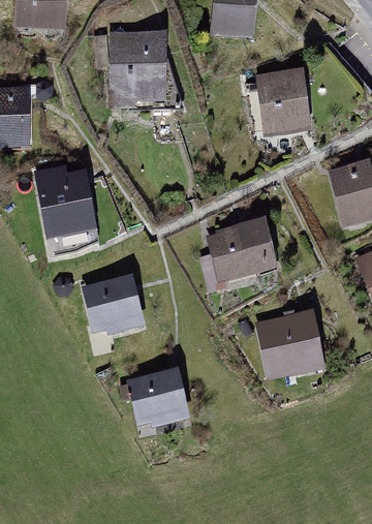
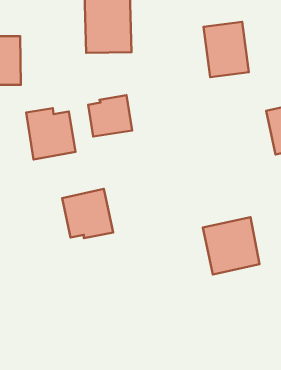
building: none -> [88,95,132,137]
building: [199,227,282,297] -> none
building: [127,368,192,428] -> none

